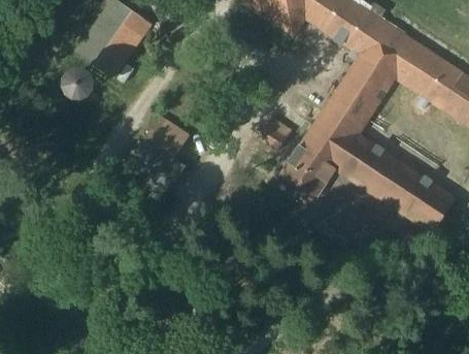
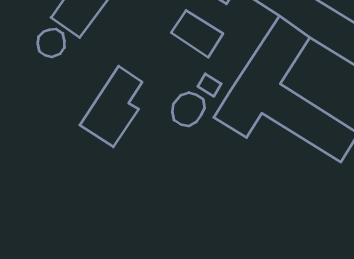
building: none -> [171,10,223,57]
building: none -> [172,92,205,126]

